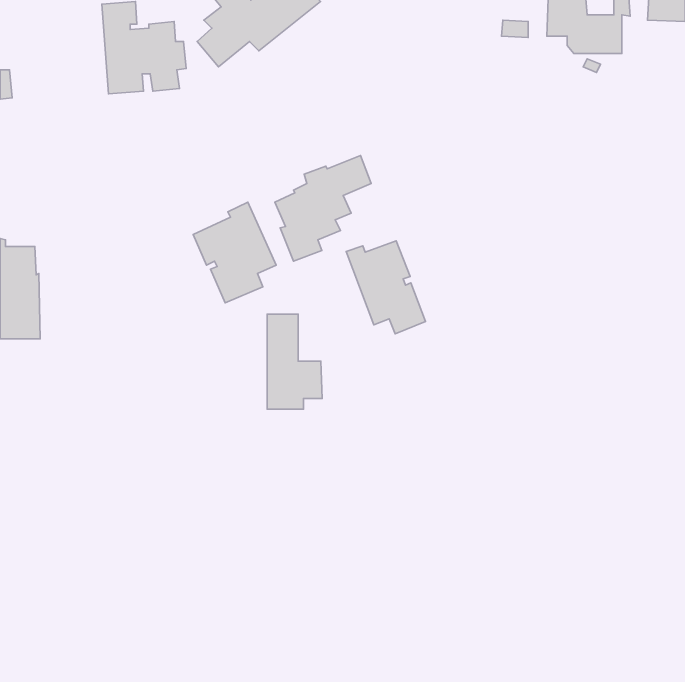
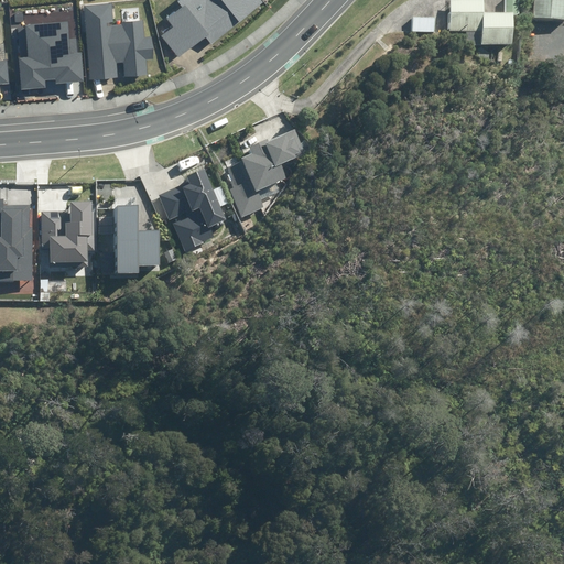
building: none -> [19,20,84,88]
building: [346,241,426,334] -> none
building: none -> [42,200,93,264]
building: [267,314,322,409] -> [111,196,156,274]

